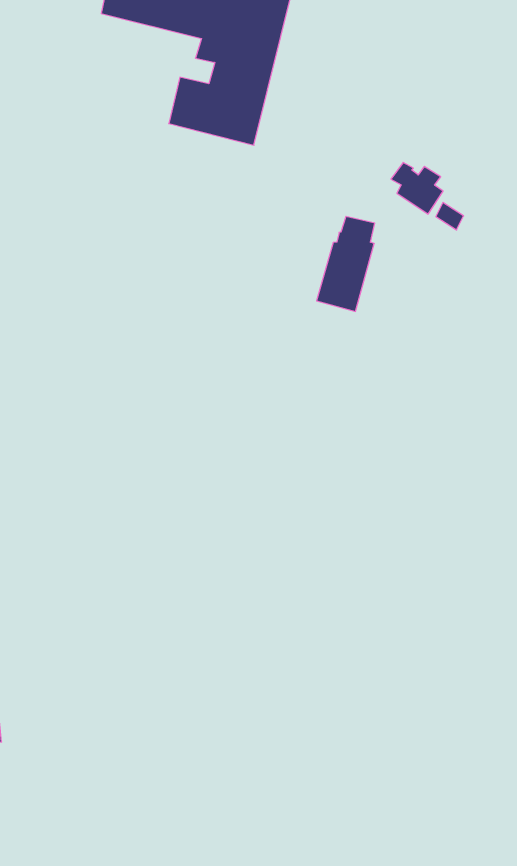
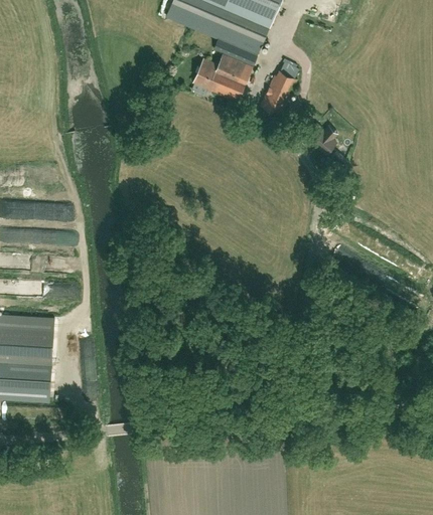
building: [317,216,375,311] -> [261,61,299,114]

